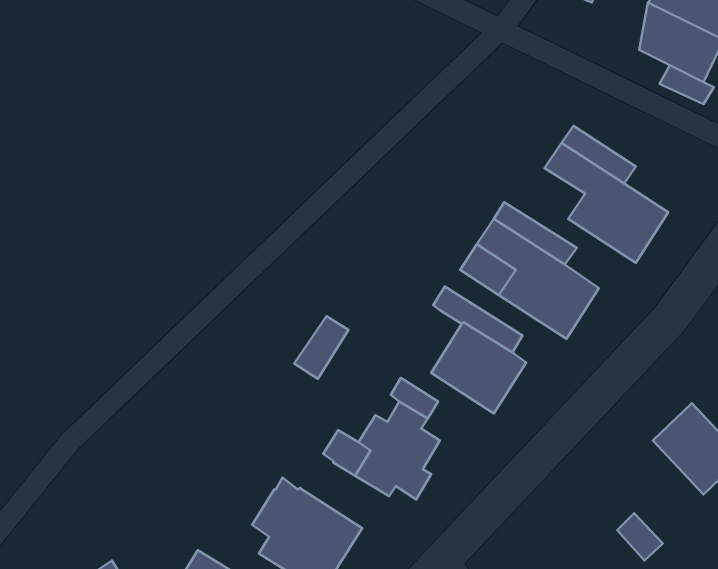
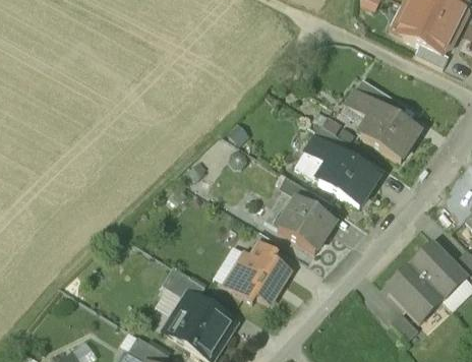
building: [294,316,348,379] -> [262,191,295,229]
building: none -> [161,267,203,299]
building: none -> [387,269,440,324]

